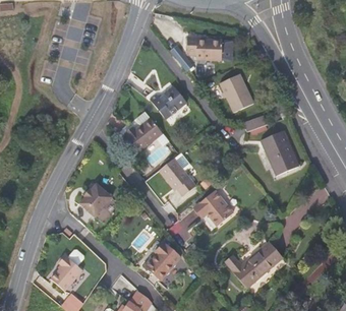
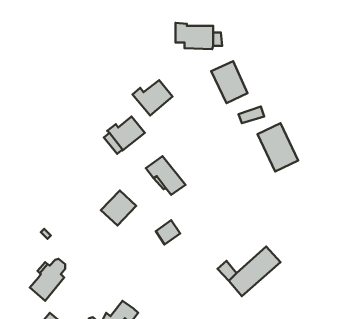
building: [80,183,113,215] -> [101,190,136,226]
building: [195,188,232,223] -> none
building: [143,247,181,283] -> none

